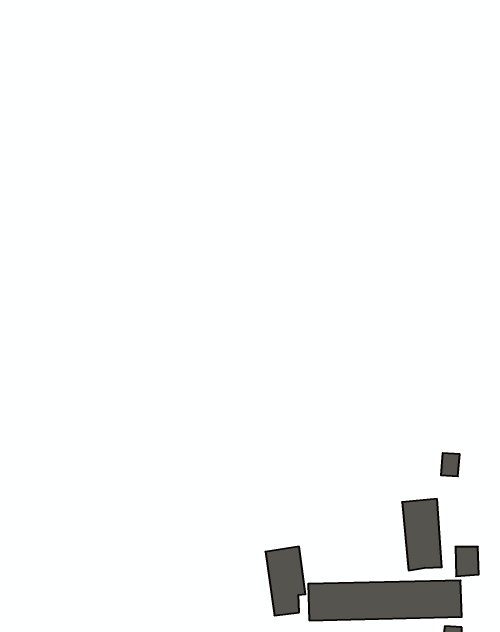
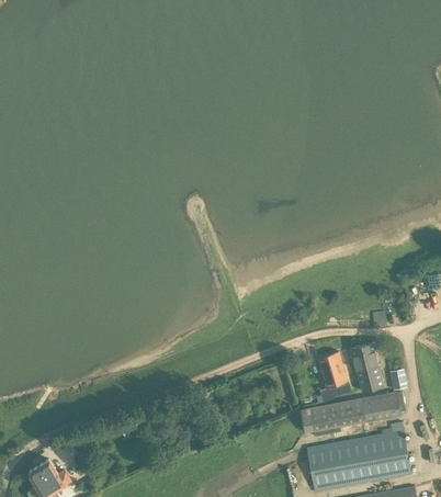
building: [265,547,305,615] -> [317,351,347,397]

